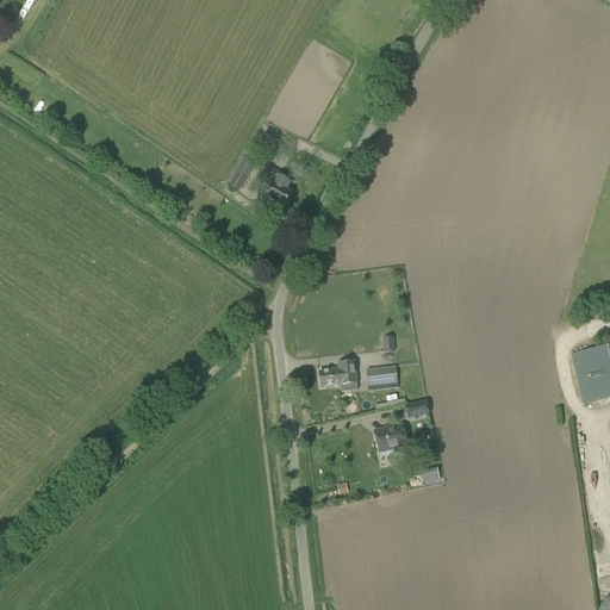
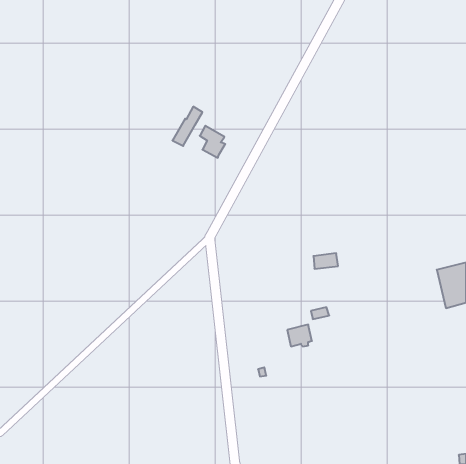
building: [320,359,357,385] -> none
building: [366,365,398,385] -> [313,253,338,269]

